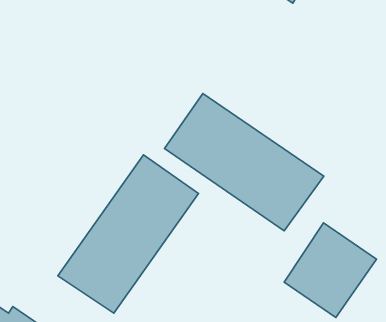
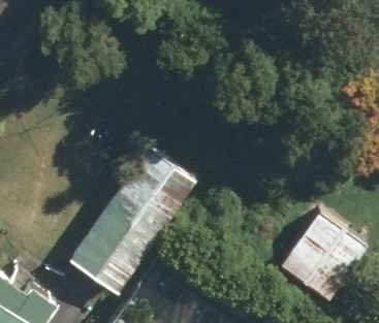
building: [164,93,324,231] -> none

